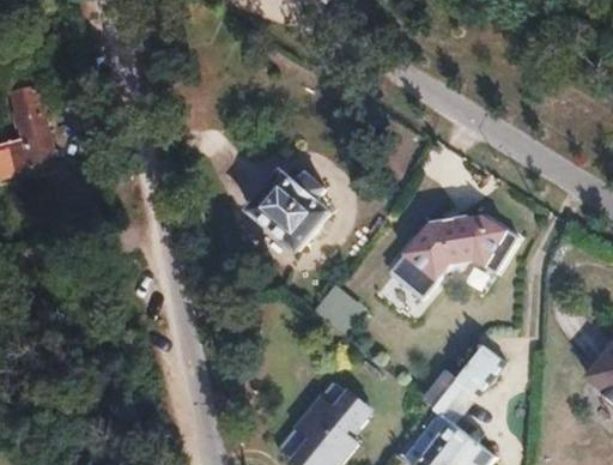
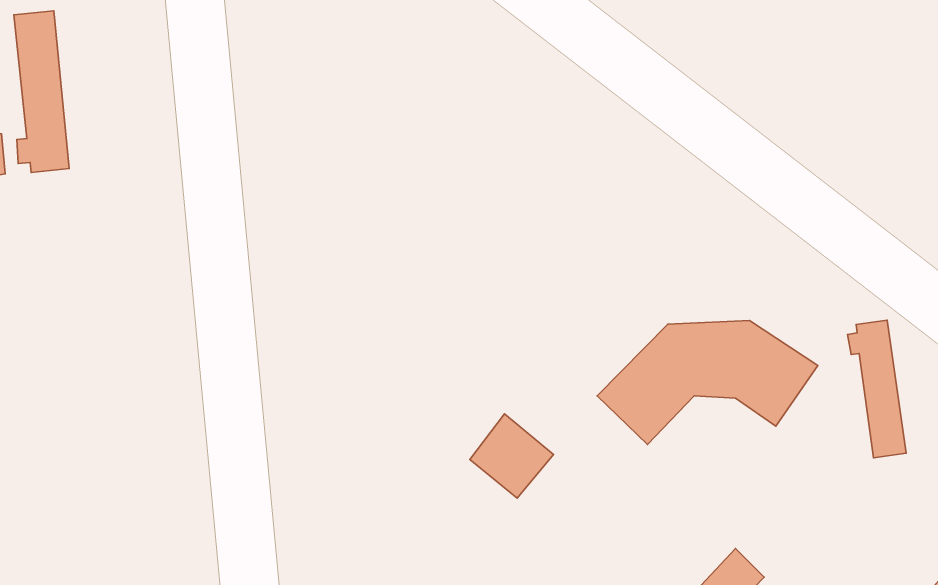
building: [250,171,330,249] -> none
building: none -> [848,320,906,458]

